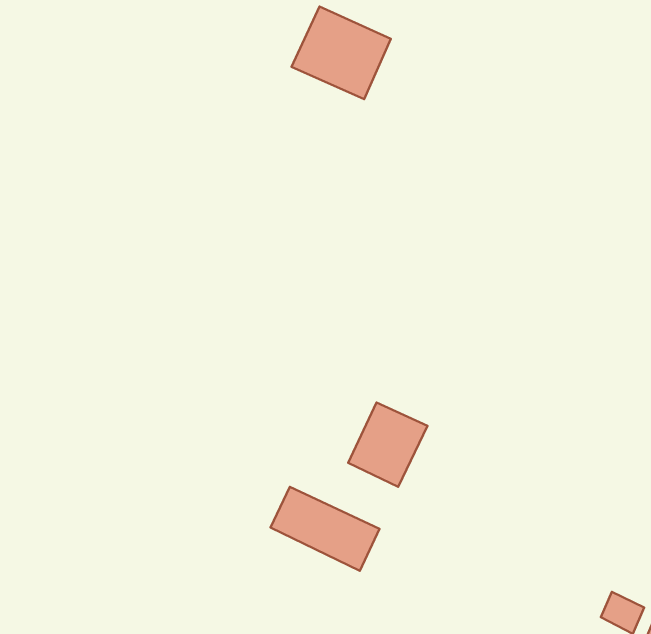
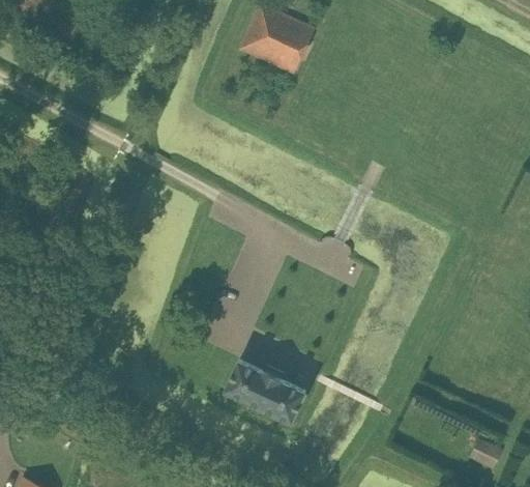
building: [348,403,428,487] -> none

